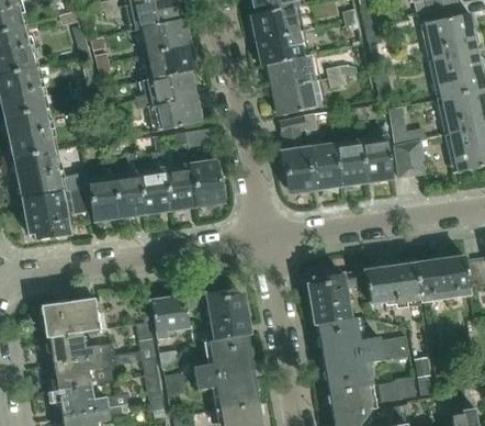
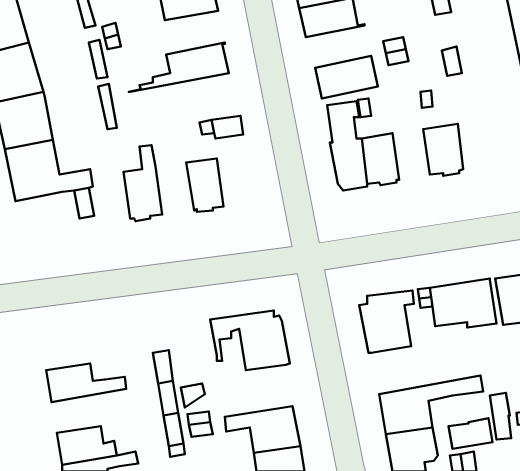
building: [146,43,195,79] -> none
building: [262,55,316,90] -> none
building: [117,94,204,128] -> none
building: [390,108,427,178] -> none
building: [334,141,364,183] -> none
building: [138,153,170,213] -> none
building: [86,159,117,220] -> none
building: [189,160,224,205] -> none
building: [23,192,69,238] -> none
building: [150,298,189,339] -> none
building: [40,300,99,339] -> none
building: [316,320,406,359] -> none
building: [193,335,251,378] -> none
building: [53,355,116,391] -> none

